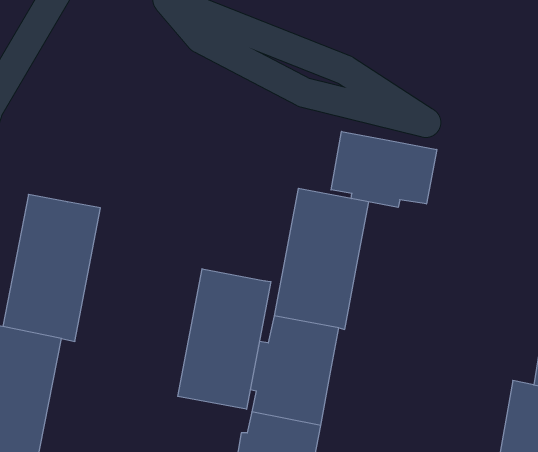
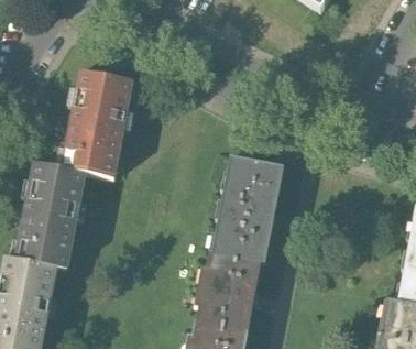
building: none -> [62,67,133,174]
building: [331,131,437,207] -> none
building: [178,269,271,409] -> none

